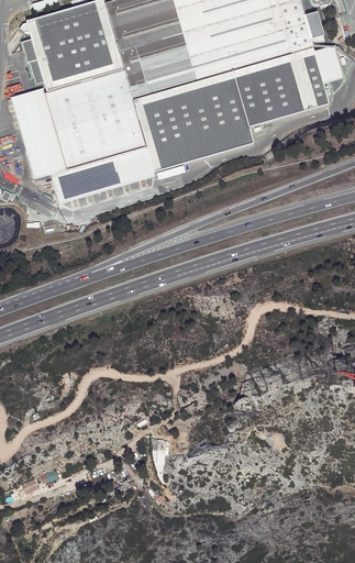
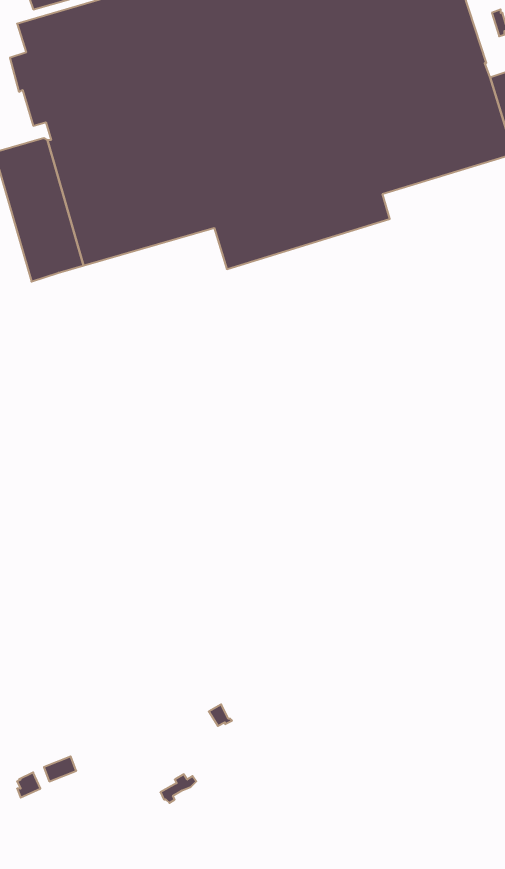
building: [49,144,154,201] -> none

